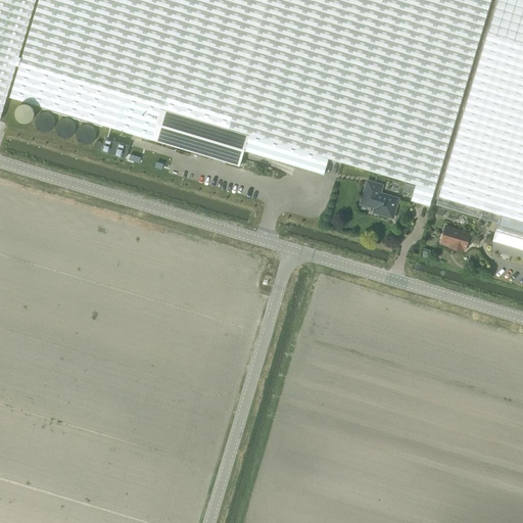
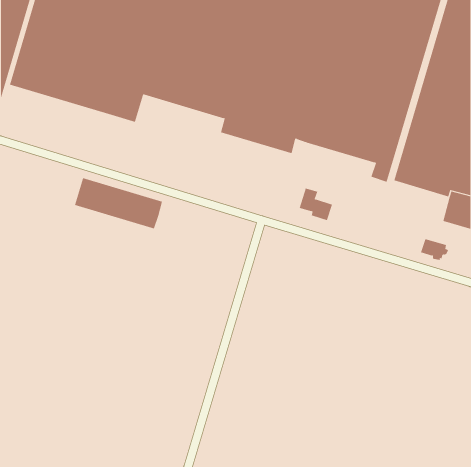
building: [150,105,248,162] -> [74,178,163,229]
building: [361,177,398,213] -> [299,188,333,221]
building: [440,223,472,247] -> [420,239,449,261]

